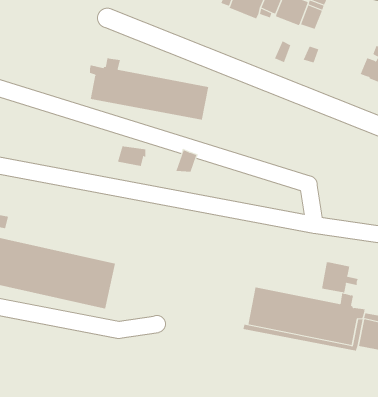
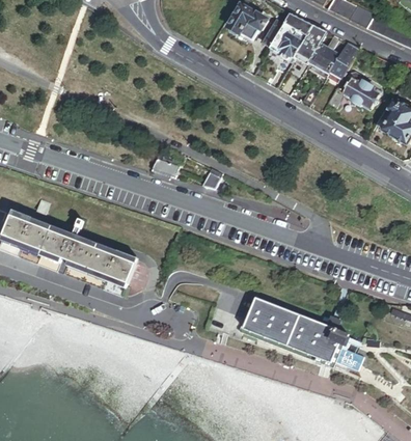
building: none -> [342,73,379,110]
building: [89,57,209,121] -> none
building: [321,261,359,293] -> none

